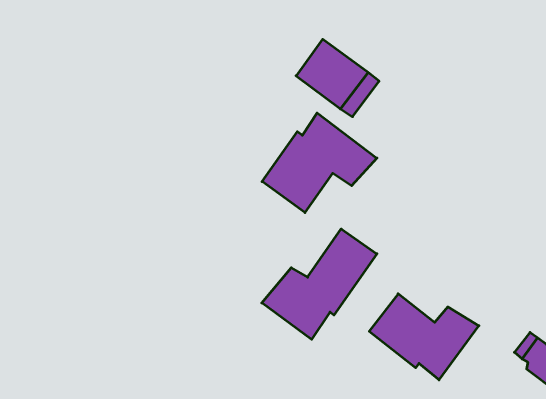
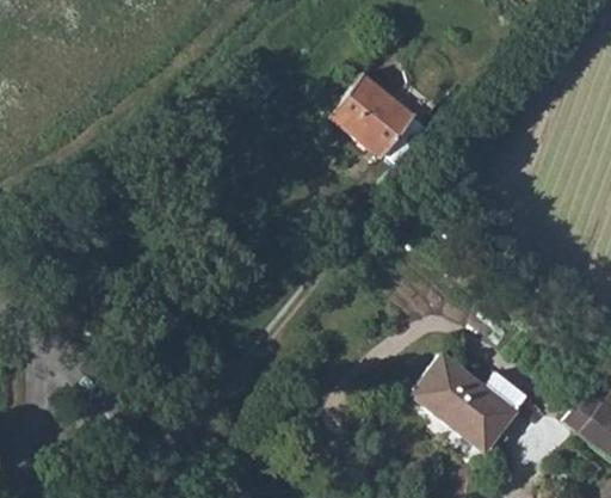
building: [262,113,377,213] -> none
building: [262,229,377,339] -> none

